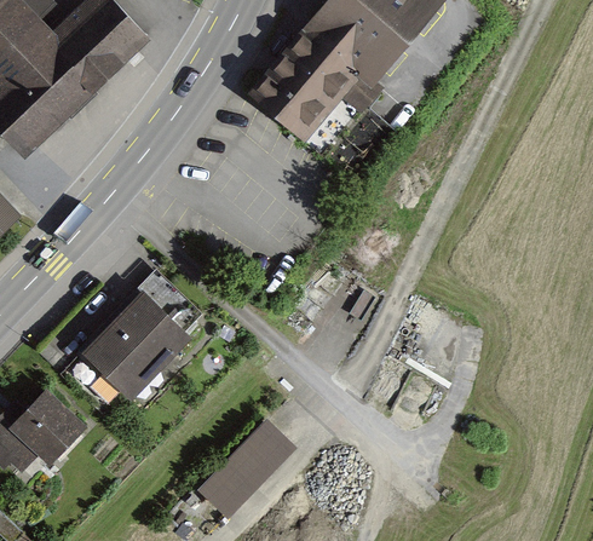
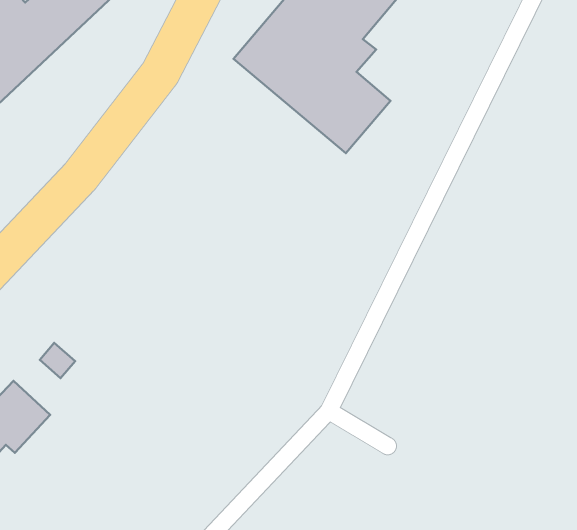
building: [85,280,201,396] -> none
building: [198,426,293,520] -> none

